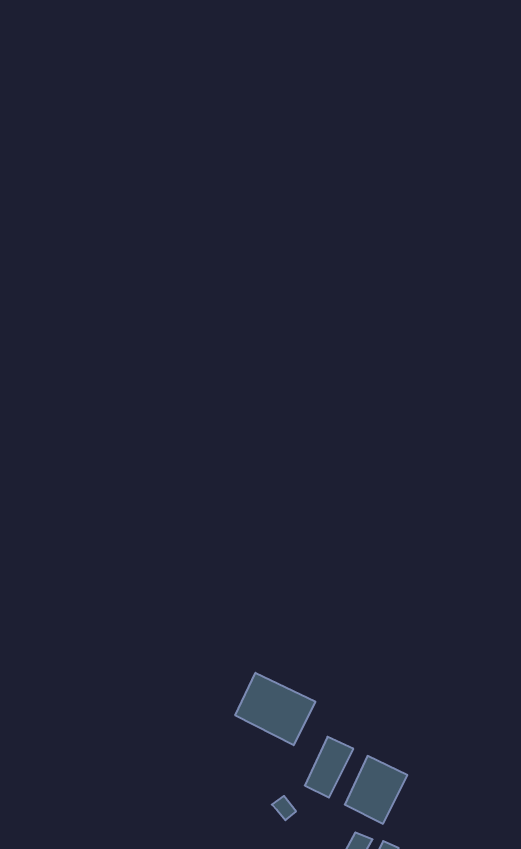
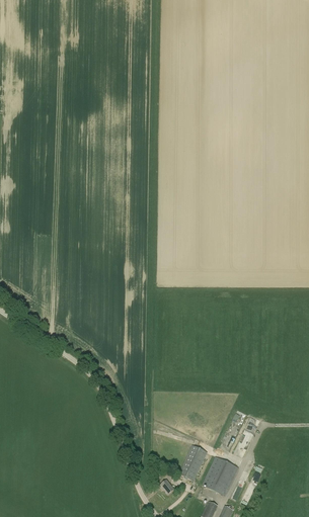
building: [235,673,315,745] -> none

